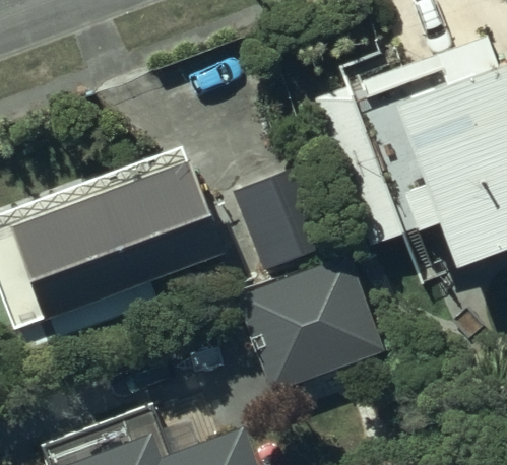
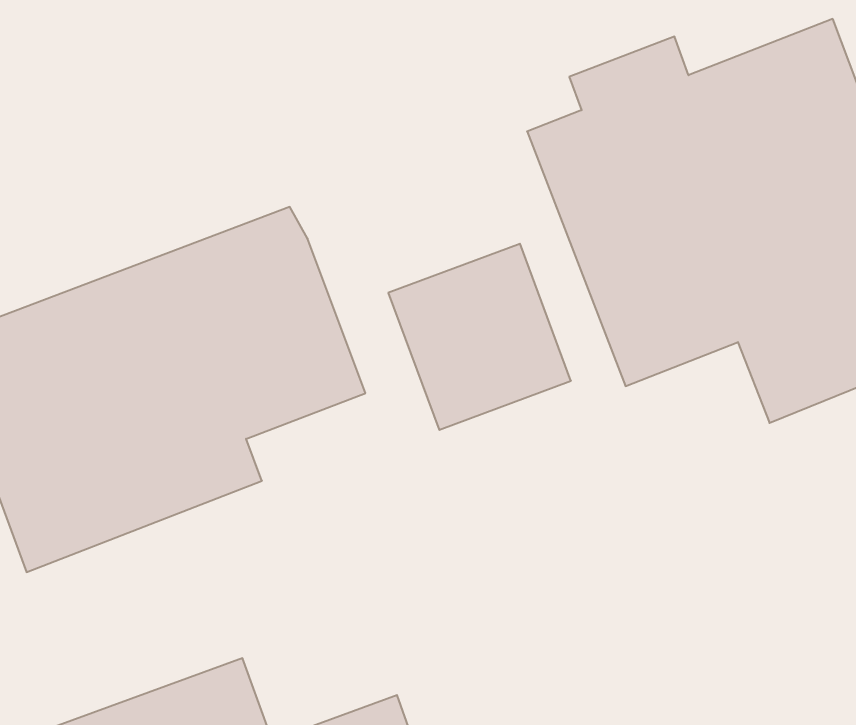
building: [238,254,388,392] -> none

